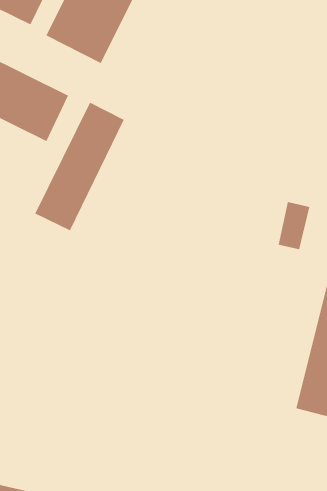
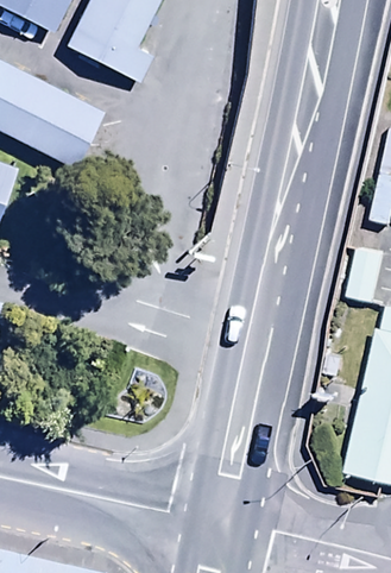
building: [35,102,124,231] -> none

